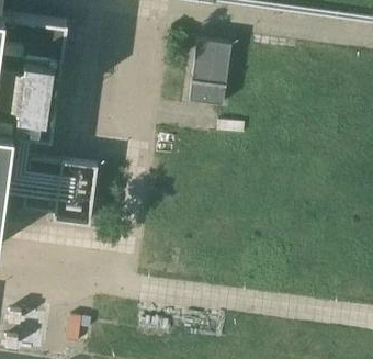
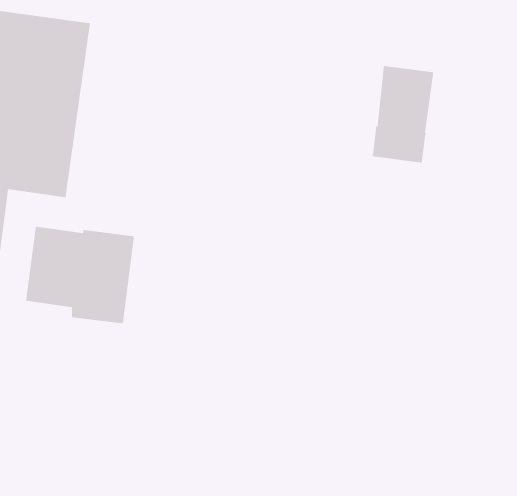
building: [188,42,229,108] -> [372,65,434,164]

